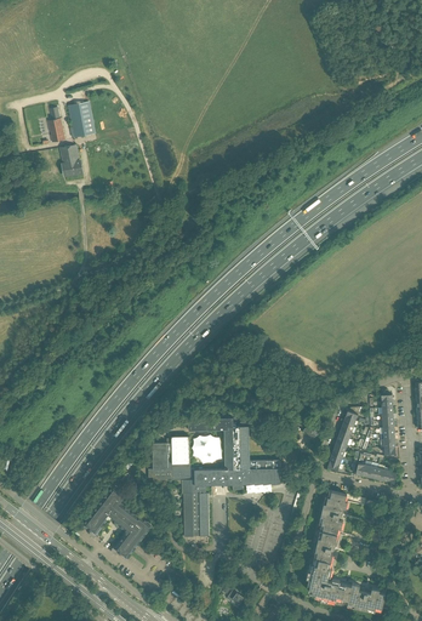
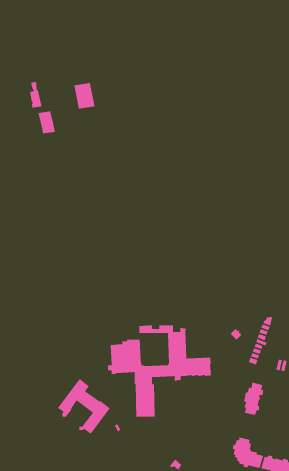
building: [67,103,95,138] -> [73,82,95,110]
building: [313,531,336,565] -> none

